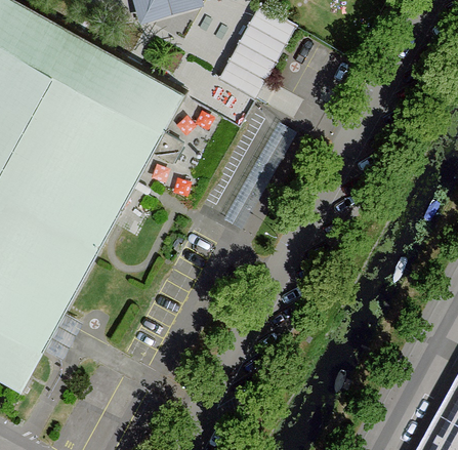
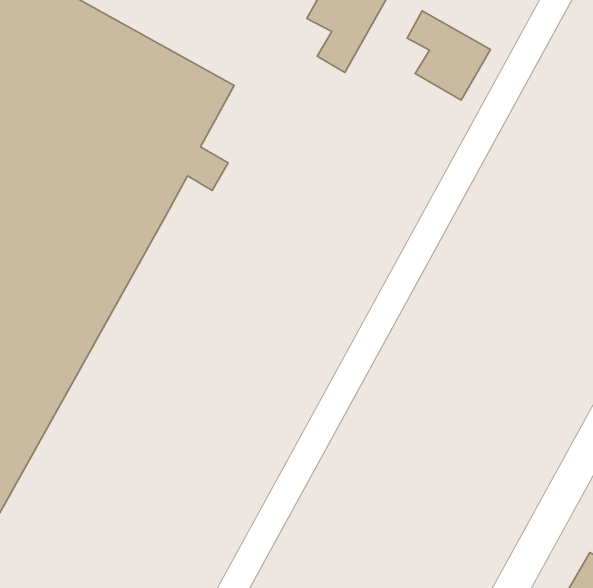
building: none -> [407,11,490,100]

